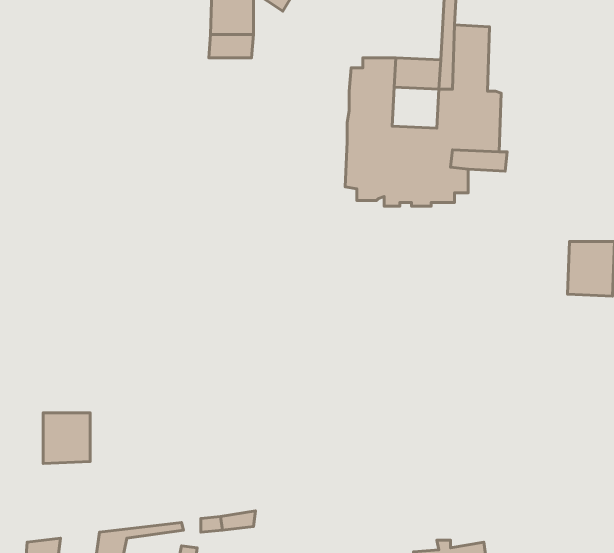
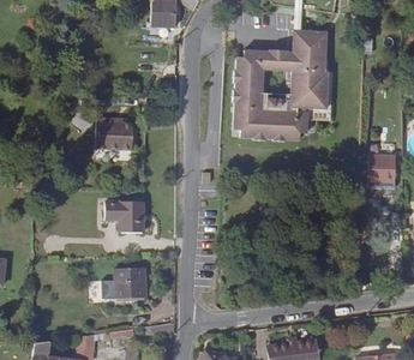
building: none -> [94,120,130,150]
building: none -> [104,198,143,229]
building: [43,413,90,463] -> [115,265,144,296]

